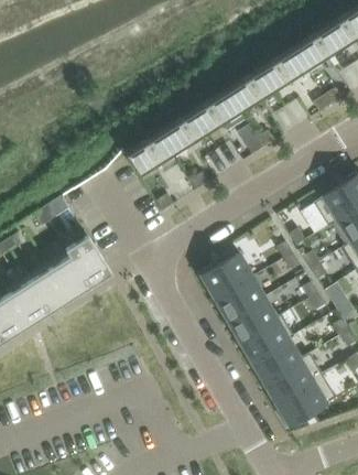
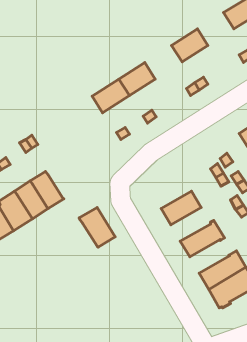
building: [261,48,307,90] -> none
building: [194,90,241,133] -> none
building: [66,236,112,287] -> [79,207,115,247]
building: [202,252,253,299] -> none
building: [227,298,278,341] -> none
building: [251,338,302,381] -> none

